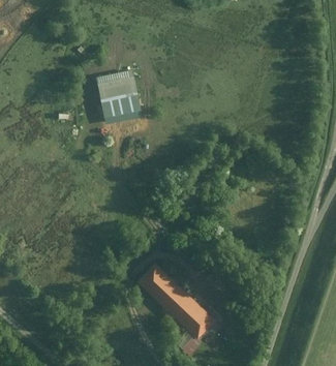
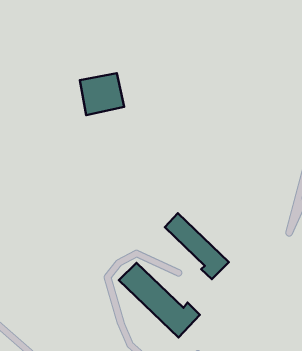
building: none -> [165,213,229,279]

